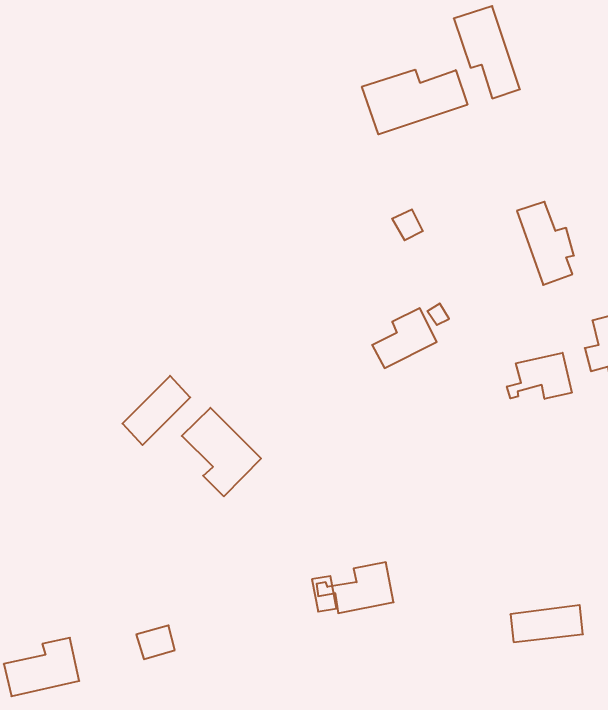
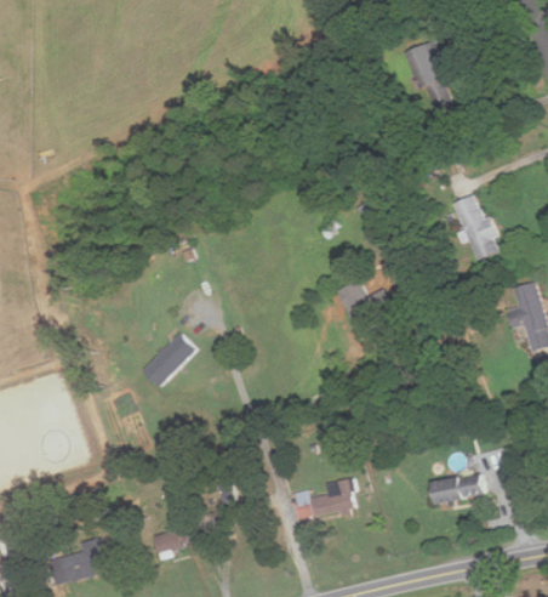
building: [362,70,467,134] -> none
building: [507,353,572,399] -> none
building: [182,408,261,496] -> none
building: [510,605,583,642] -> [430,472,487,501]

